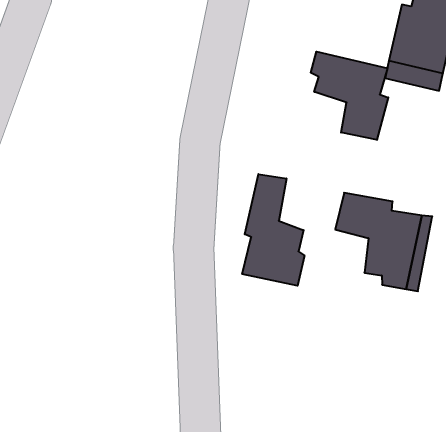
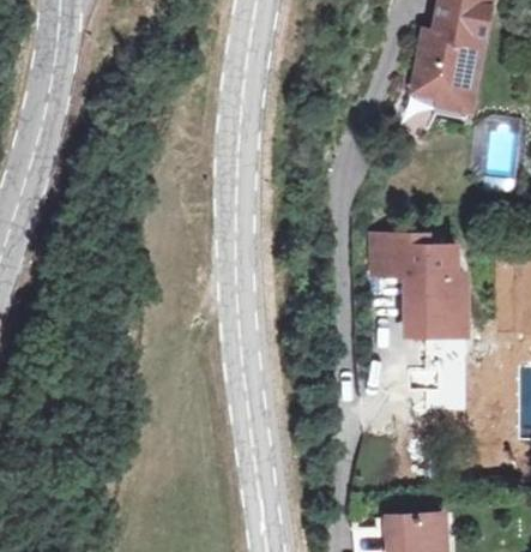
building: [311,52,388,140] -> none
building: [242,174,304,286] -> none

